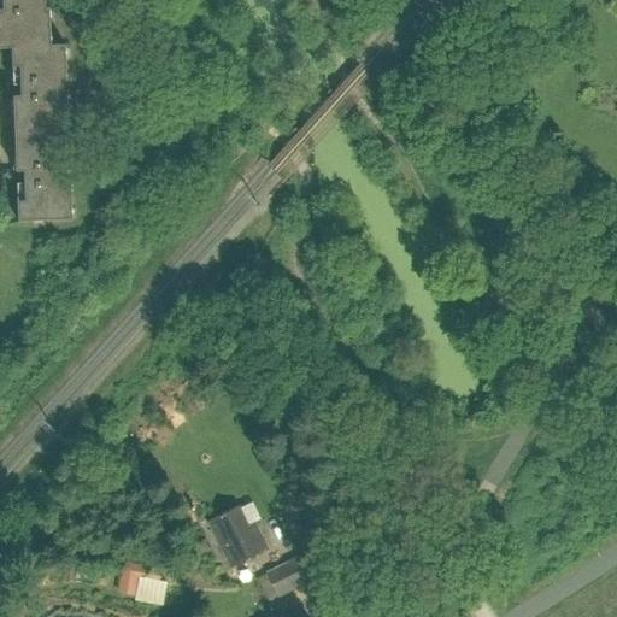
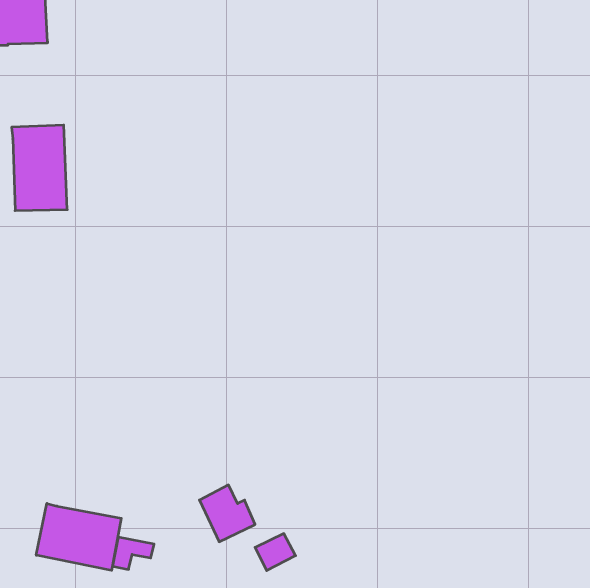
building: [8,43,66,133] -> none
building: none -> [36,503,121,570]

